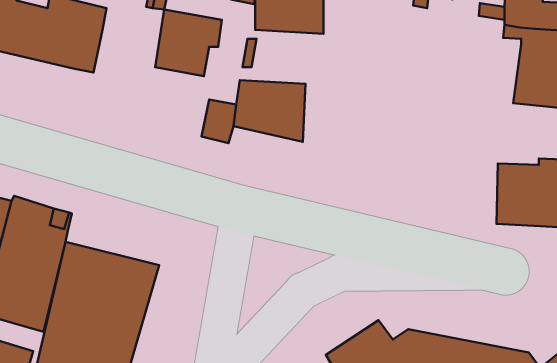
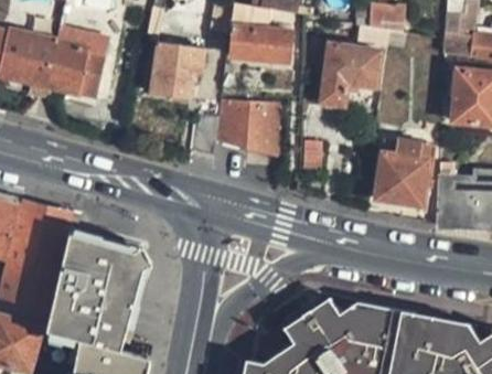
building: none -> [320,45,376,107]
building: none -> [374,137,428,205]

